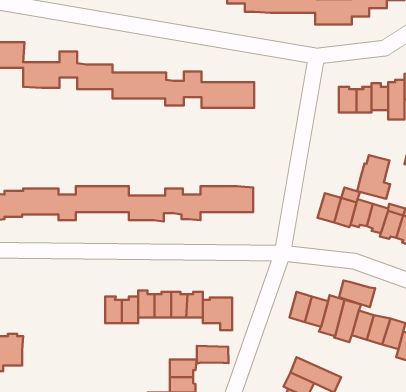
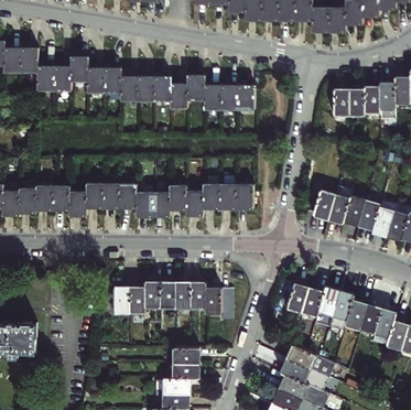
building: [357,155,390,199] -> none
building: [339,280,375,307] -> none
building: [197,346,228,363] -> none

